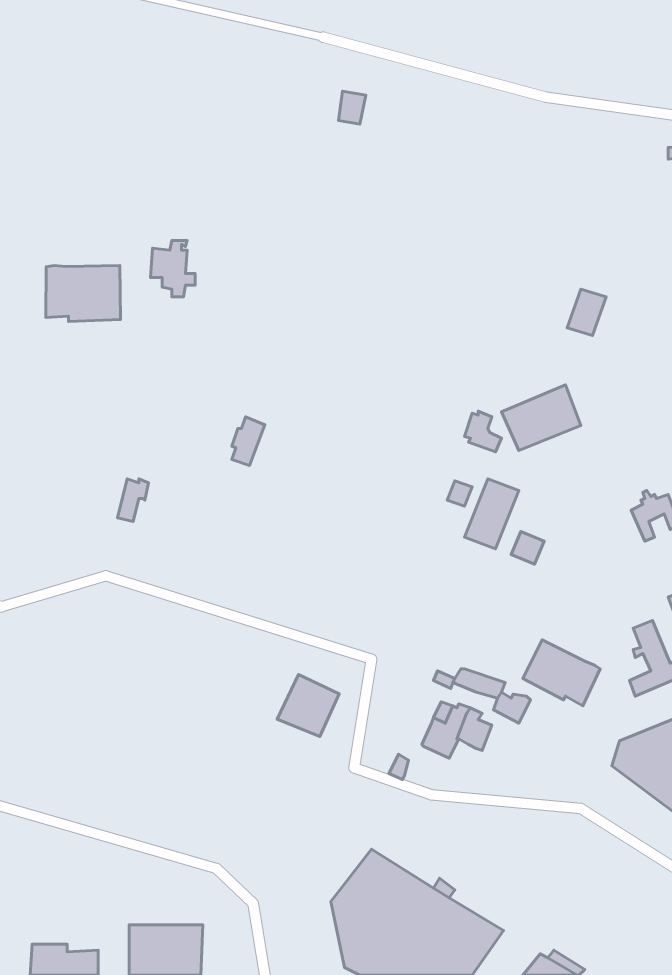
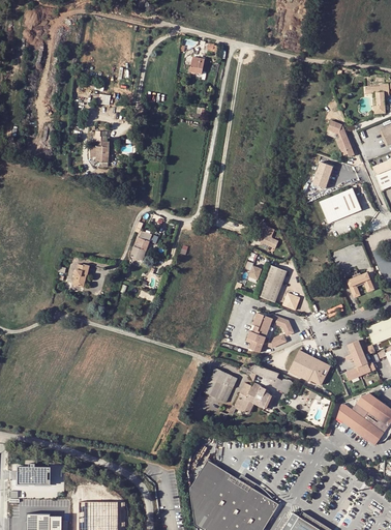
building: none -> [327,121,355,156]
building: [46,266,121,322] -> none
building: [501,385,581,451] -> [319,187,361,223]
building: none -> [247,313,294,353]
building: [277,674,339,737] -> [204,369,237,402]
building: none -> [19,464,52,484]

